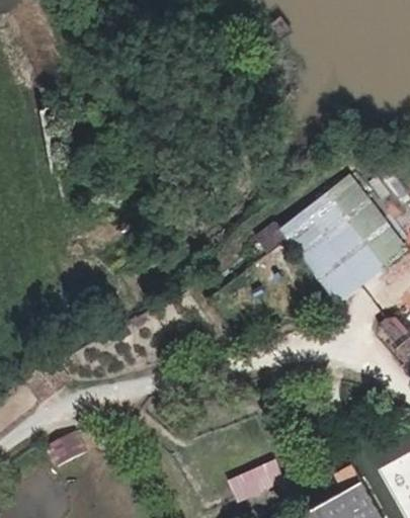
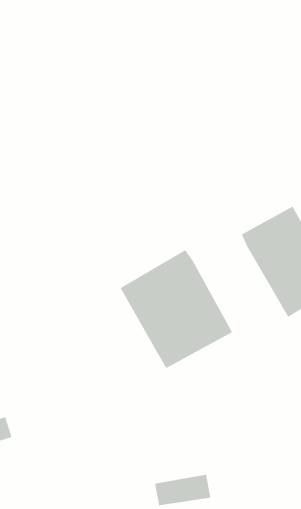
building: none -> [120,249,233,369]

